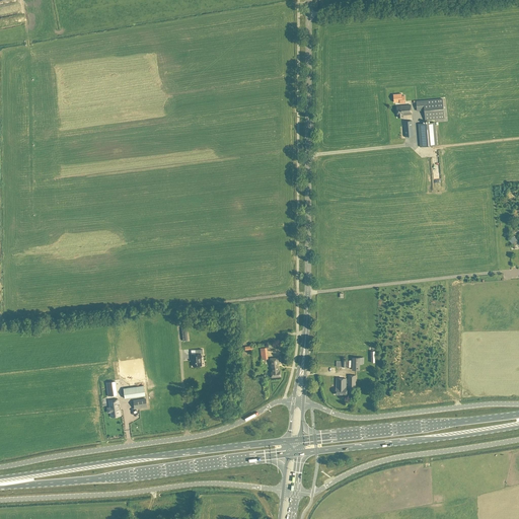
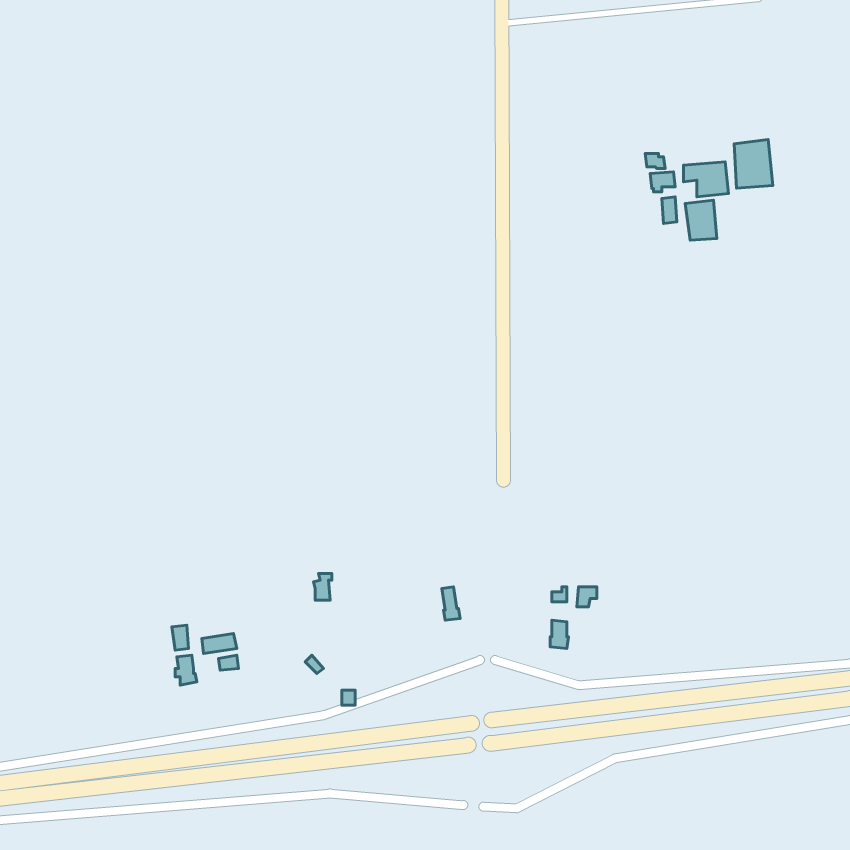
building: none -> [734,140,773,188]

